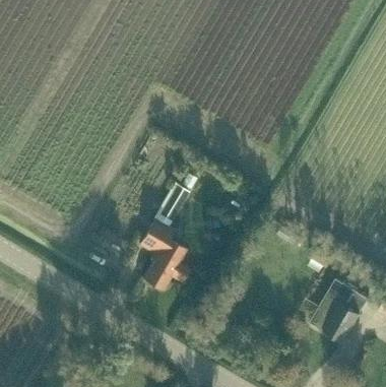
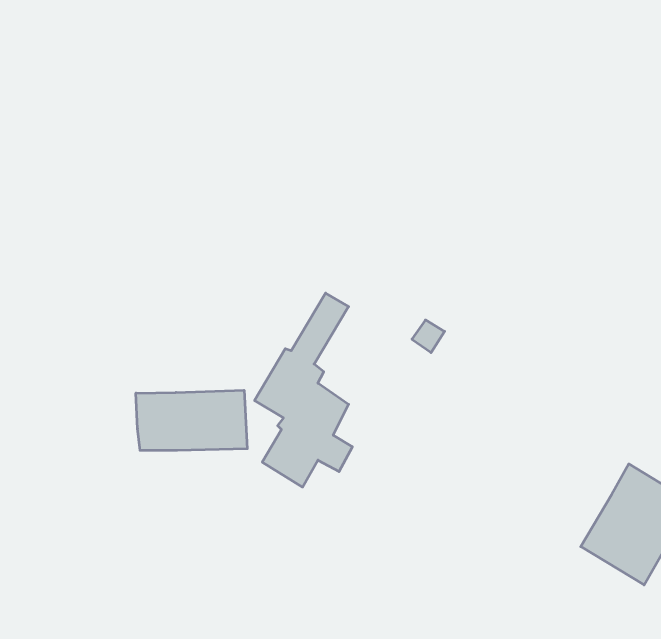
building: none -> [136,390,247,450]

